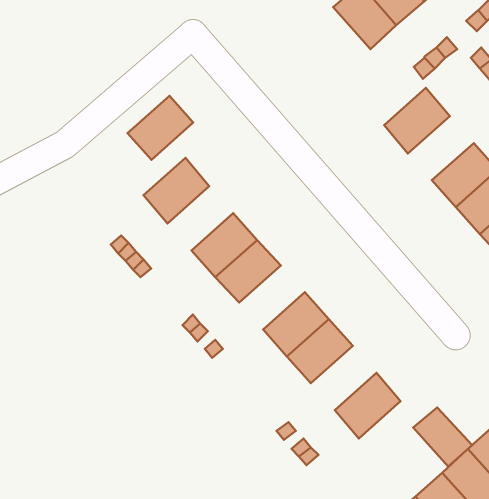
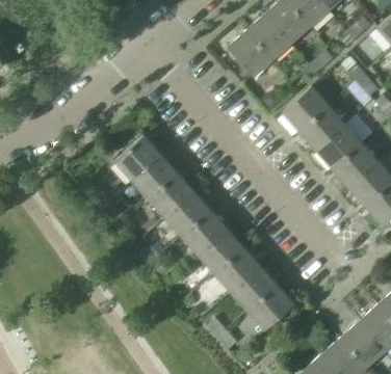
building: none -> [227,30,272,77]
building: [128,96,193,160] -> [131,155,177,199]
building: none -> [298,106,344,151]
building: none -> [181,210,227,255]
building: none -> [231,266,277,311]
building: [413,407,472,466] -> none

